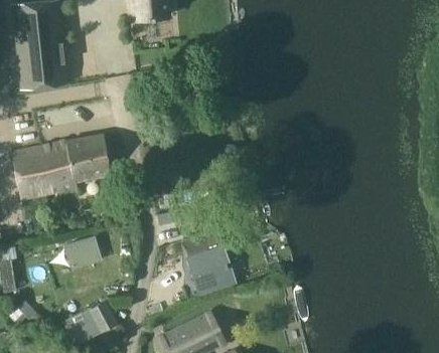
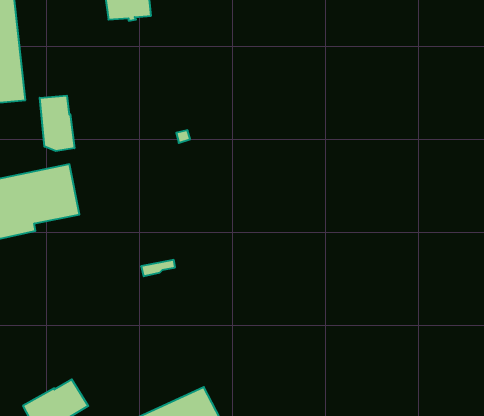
building: none -> [40,96,74,151]
building: [184,228,233,294] -> none
building: [64,235,102,268] -> none

